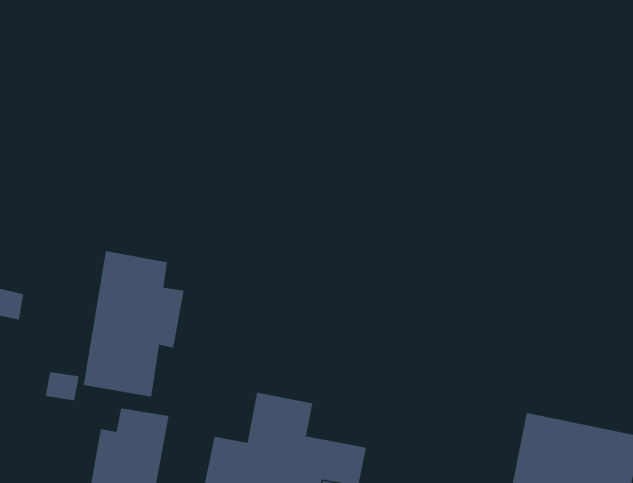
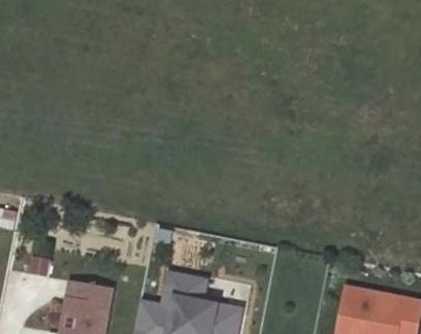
building: [83,250,185,398] -> none

